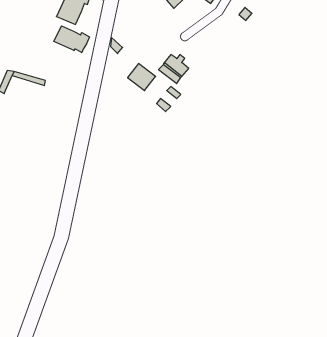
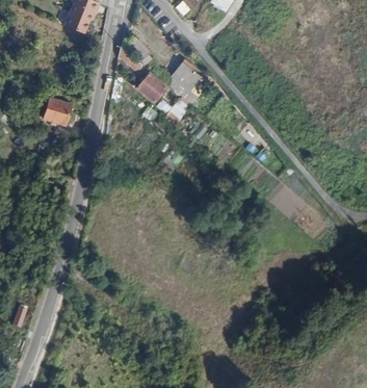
building: [54,26,89,53] -> none
building: none -> [45,98,72,124]

